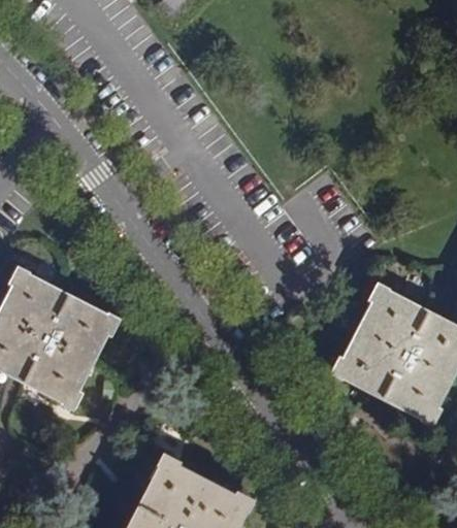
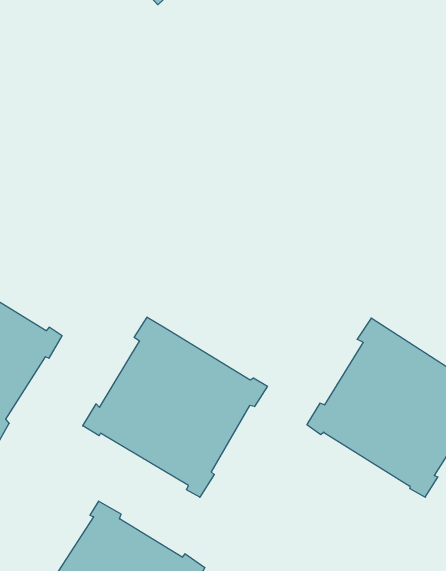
building: none -> [83,317,267,497]

